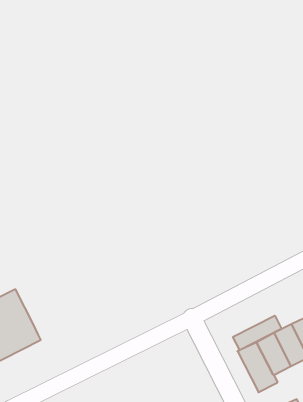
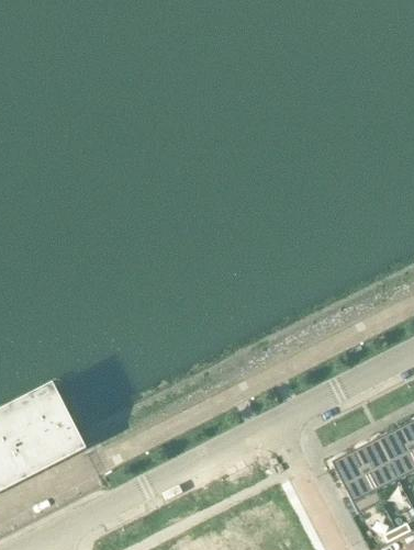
building: [233,316,282,350] -> none

